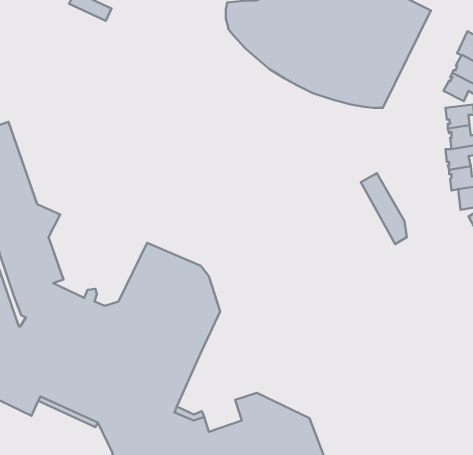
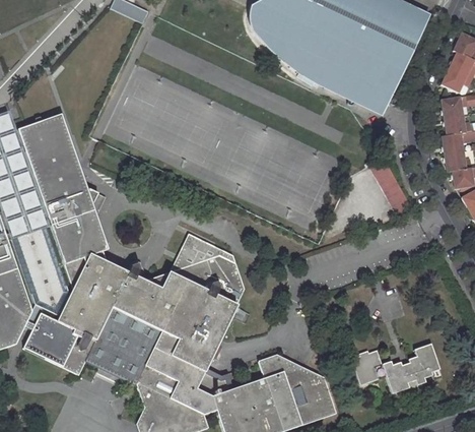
building: none -> [352,343,443,393]

